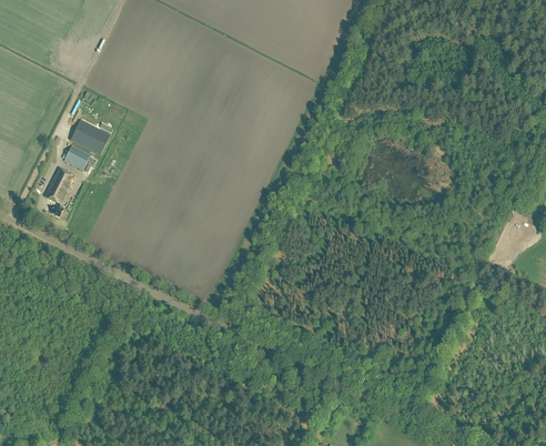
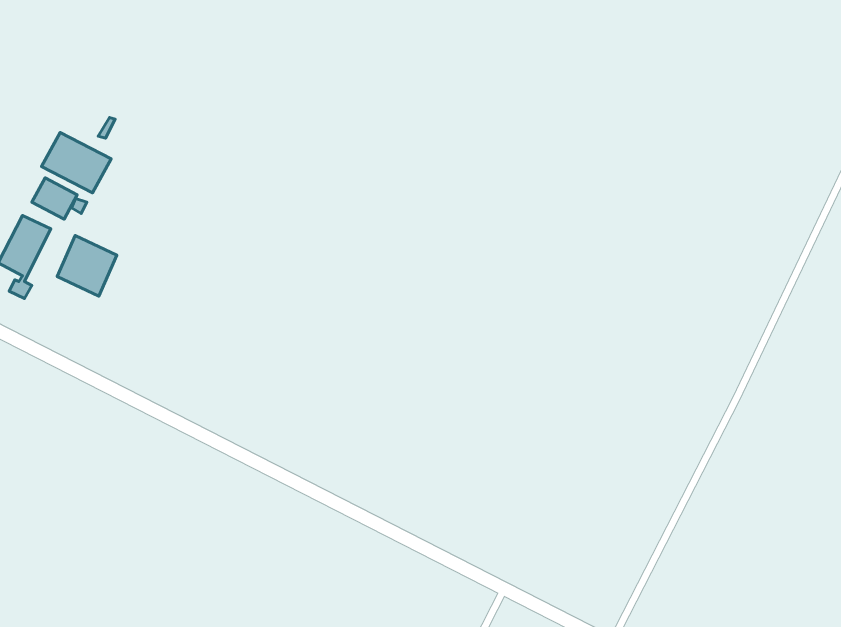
building: none -> [57,236,117,296]

